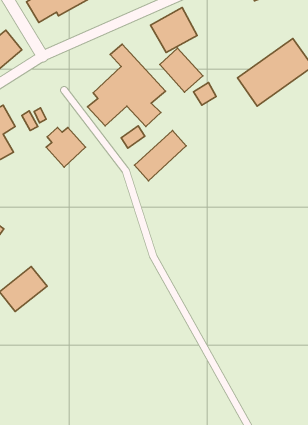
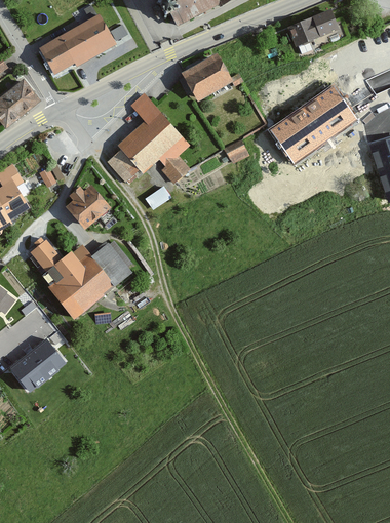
building: [160,48,203,92] -> none
building: [135,130,186,181] -> none
building: none -> [28,243,130,322]

